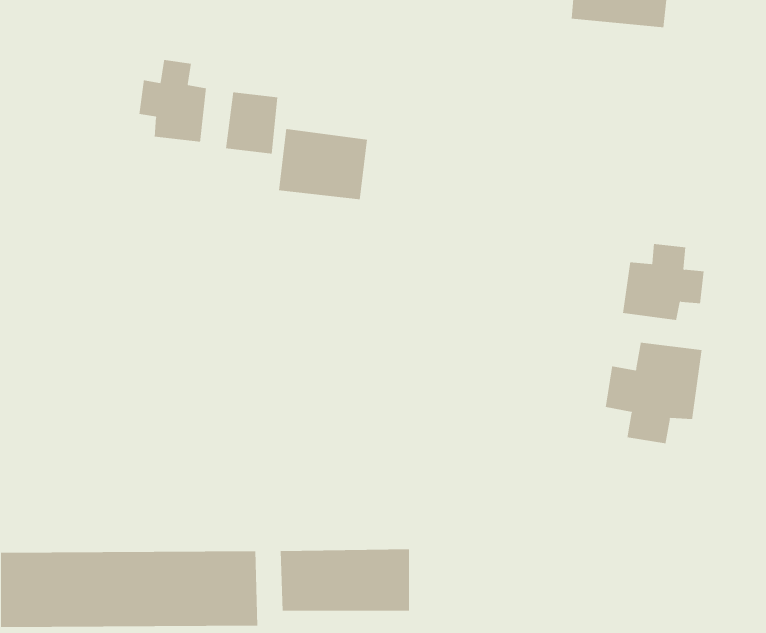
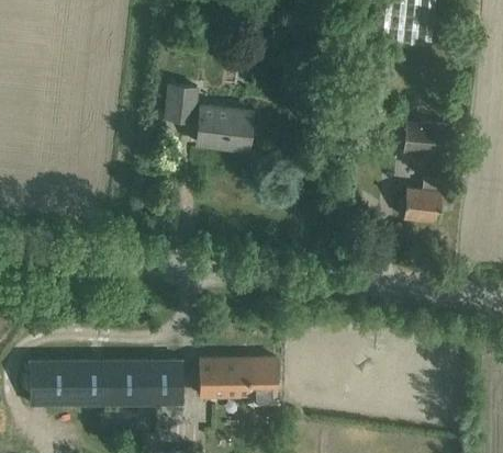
building: [139,59,206,142] -> none
building: none -> [400,122,447,157]
building: [605,342,702,444] -> none

